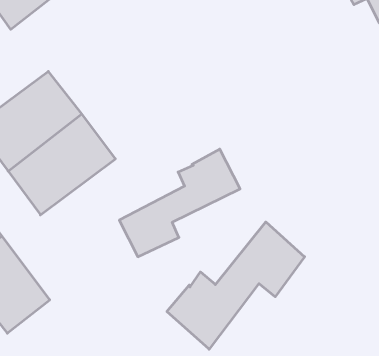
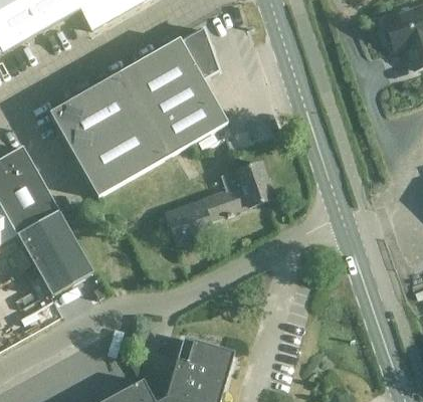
building: none -> [120,29,227,156]
building: [167,222,305,349] -> none

